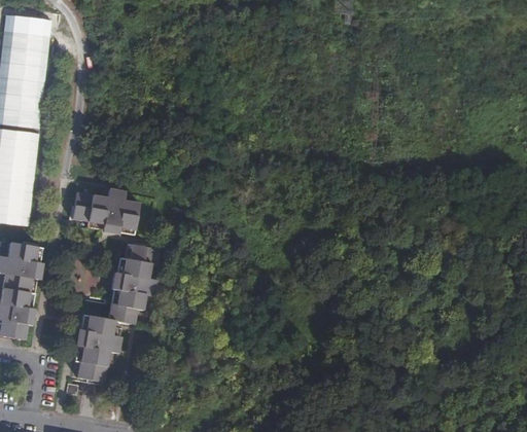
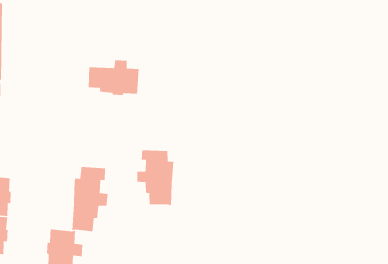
building: [72,187,136,231] -> [88,60,140,96]
building: none -> [136,150,174,206]

